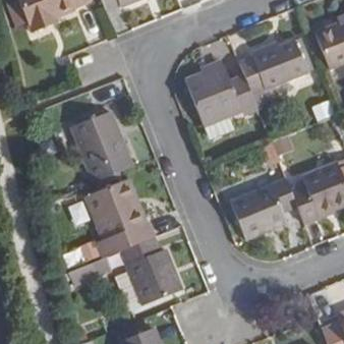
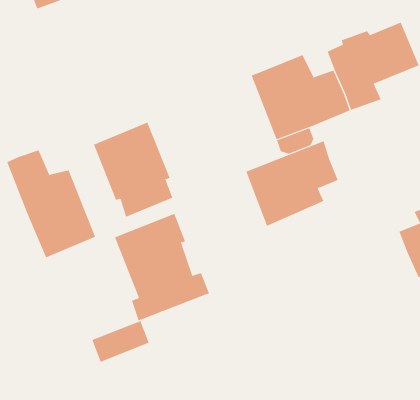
building: none -> [7,149,96,258]
building: [231,178,298,240] -> [245,141,338,226]
building: [121,237,182,304] -> none

